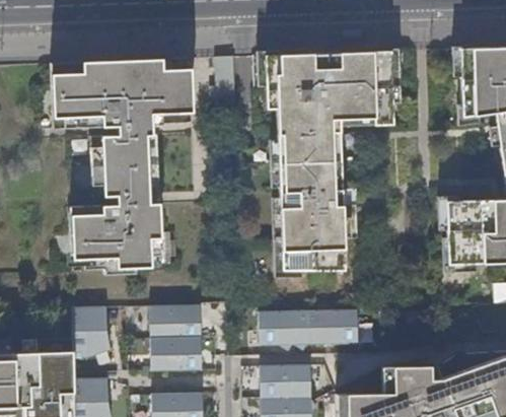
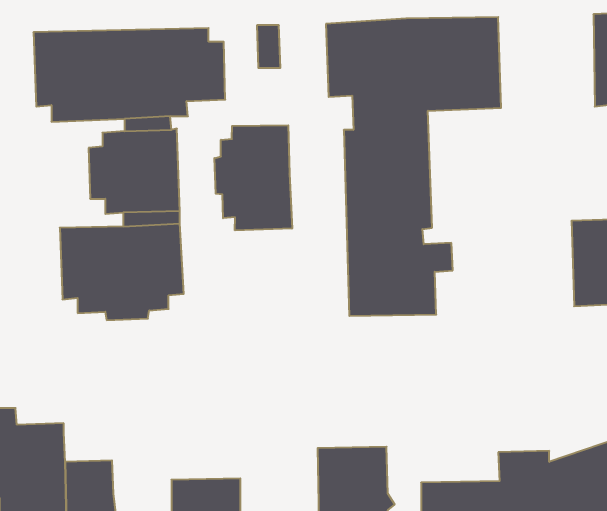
building: none -> [214,125,292,230]
building: [149,303,202,369] -> none
building: [72,305,112,357] -> none
building: [259,311,358,352] -> none

